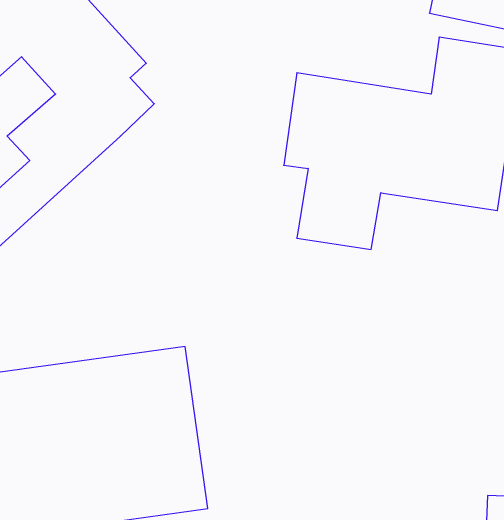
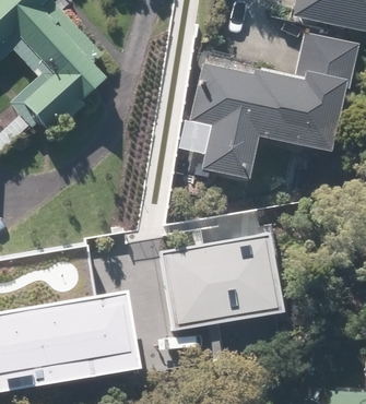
building: none -> [169,218,278,328]

